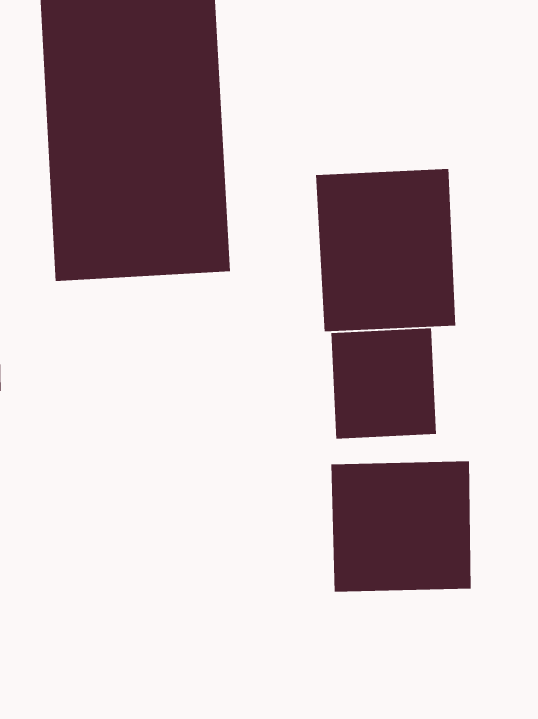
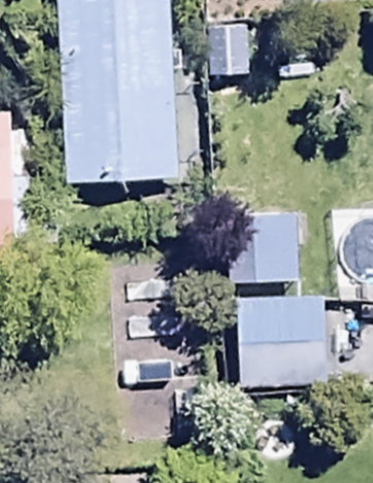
building: [316,168,456,332] -> none

